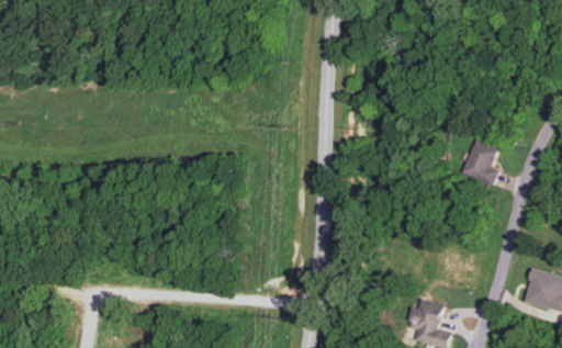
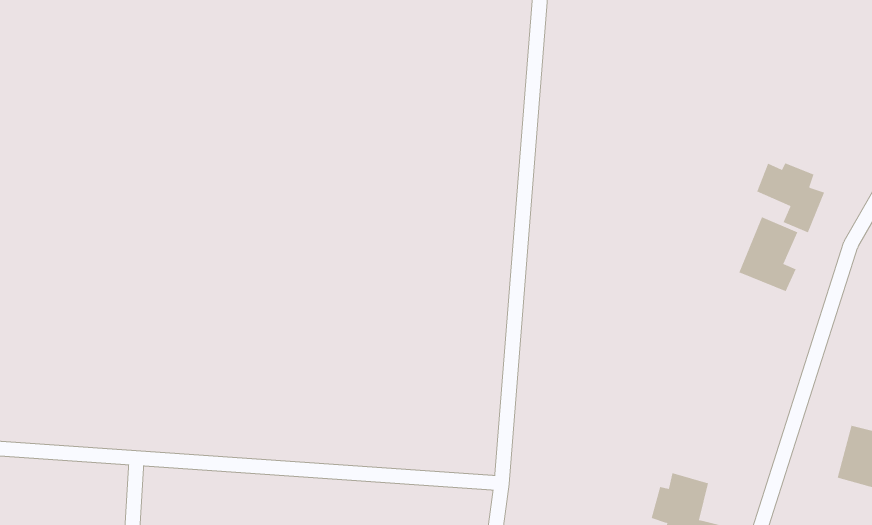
building: none -> [757,163,825,233]

